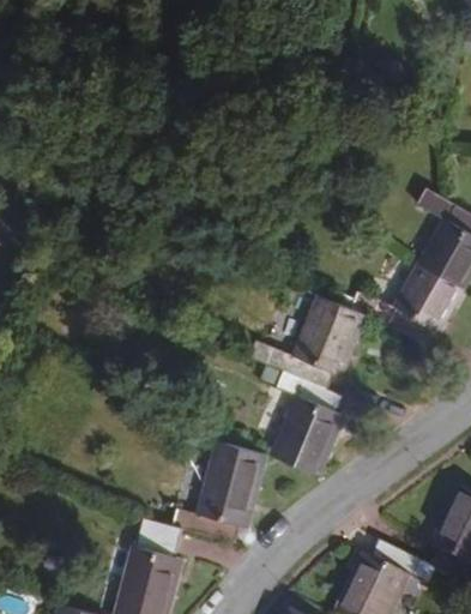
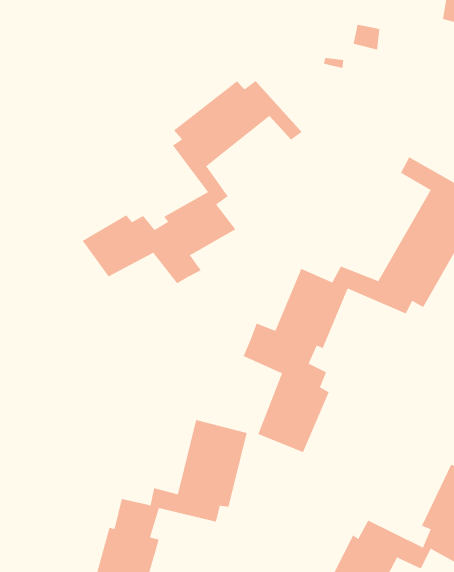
building: none -> [82,80,303,284]

